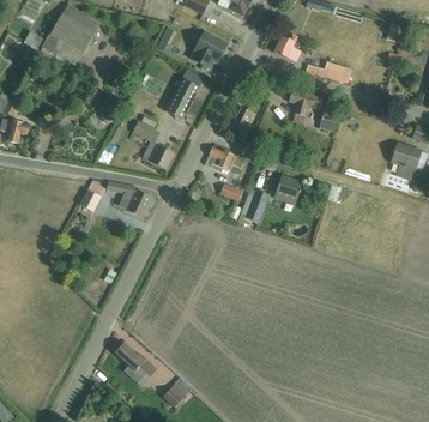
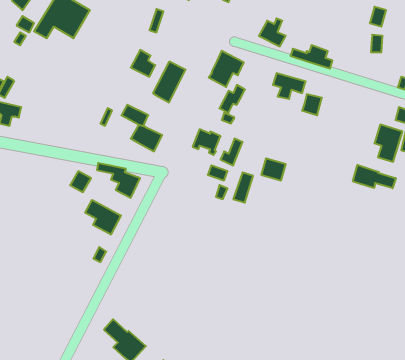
building: [191,30,226,67] -> [209,51,244,87]
building: none -> [353,165,396,188]
building: none -> [85,200,121,235]

